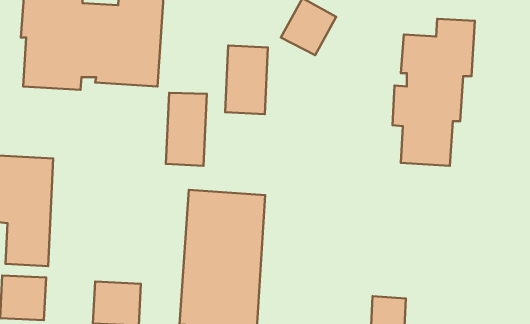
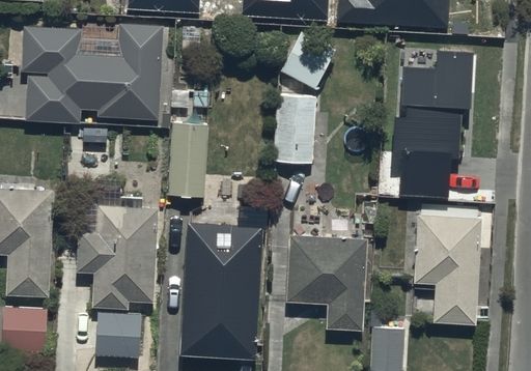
building: [225,45,268,114] -> [272,94,314,163]
building: none -> [77,207,158,310]
building: none -> [414,216,480,325]
building: none -> [285,235,367,331]

